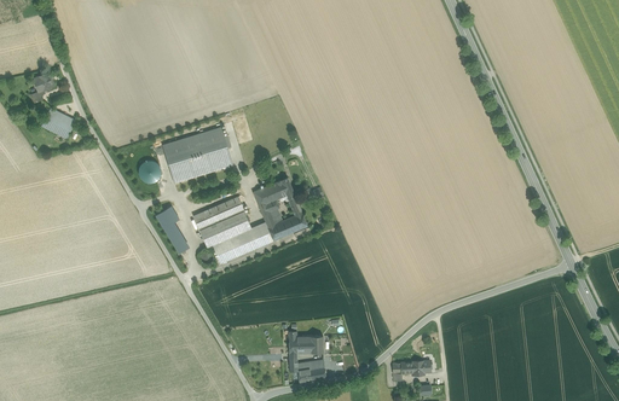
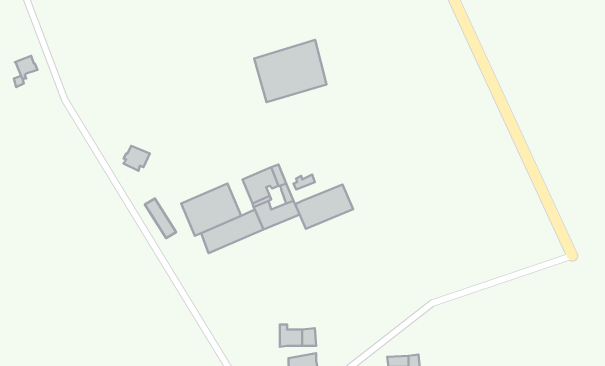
building: [40,107,75,138] -> none
building: [162,124,232,185] -> [254,40,326,102]
building: none -> [295,184,353,229]

